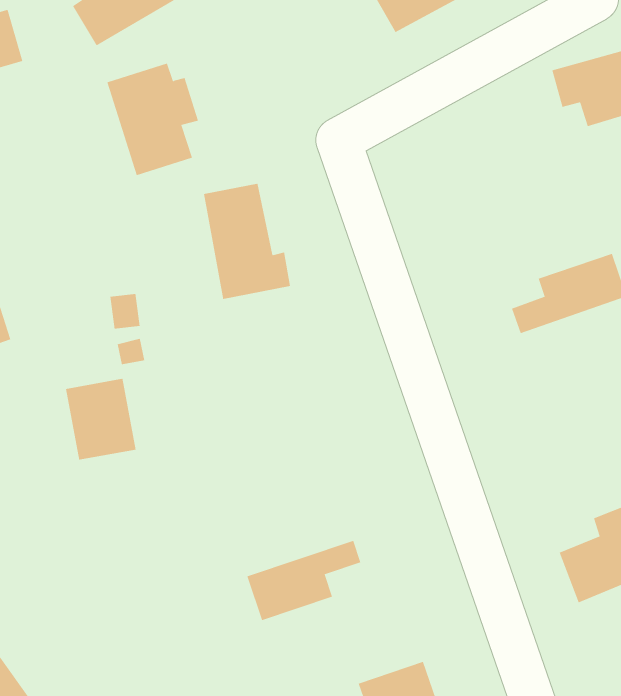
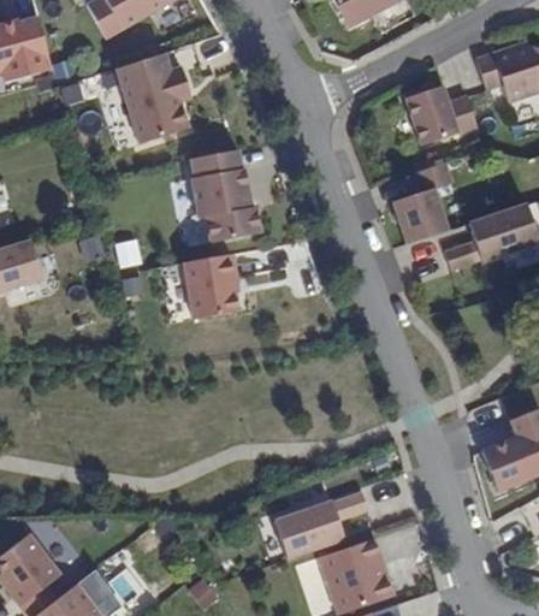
building: none -> [407,88,474,143]
building: none -> [393,164,450,242]
building: [65,378,137,460] -> [184,253,242,319]
building: [247,540,361,621] -> [272,491,365,556]

